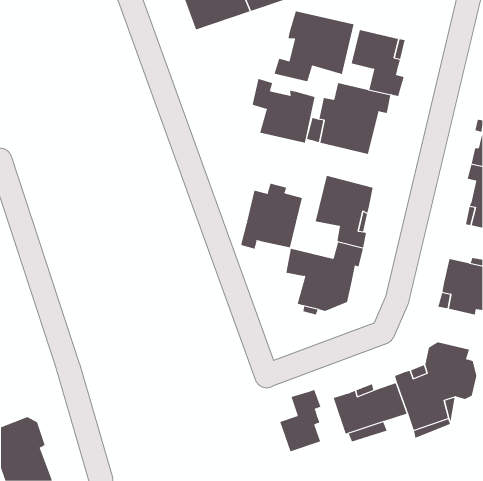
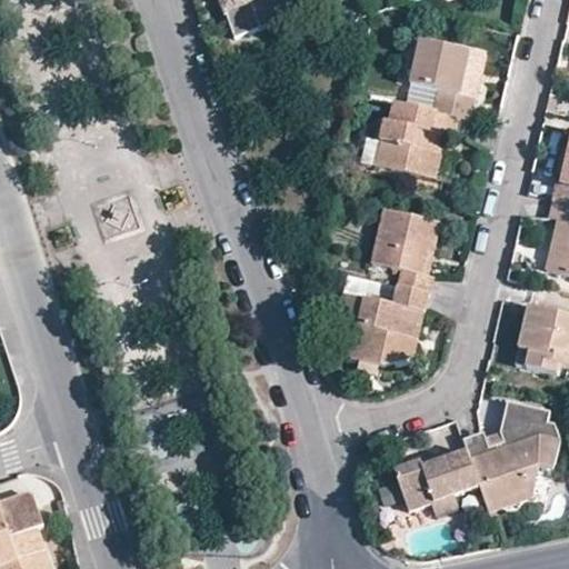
building: [274,11,354,82] -> none
building: [252,78,315,144] -> none
building: [241,183,302,249] -> none
building: [279,389,321,452] -> none

